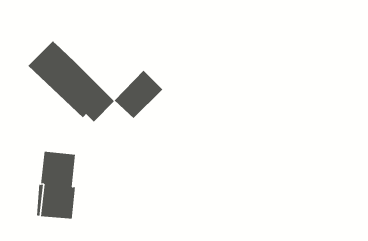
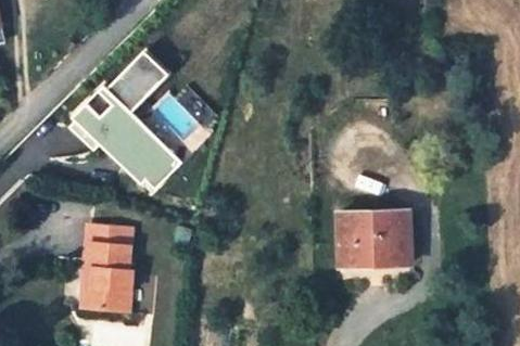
building: [114,70,163,119] -> [106,48,169,111]
building: none -> [339,213,407,265]

